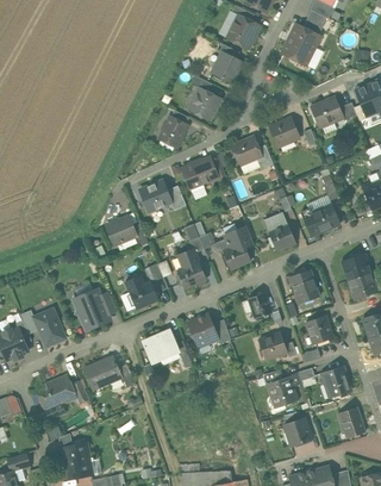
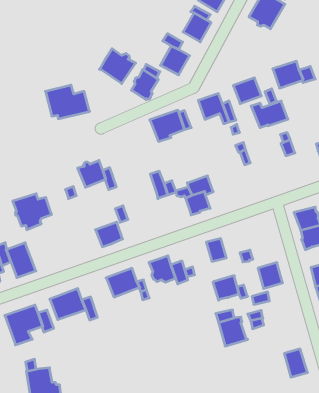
building: none -> [99,49,136,84]
building: [136,179,185,216] -> [45,85,90,119]
building: [300,205,341,235] -> [251,101,288,128]
building: [264,212,295,250] -> none
building: [177,249,206,288] -> none
building: [291,269,319,304] -> none
building: [74,289,117,329] -> [13,194,52,230]
building: [323,366,351,398] -> none
building: [283,417,312,447] -> none

